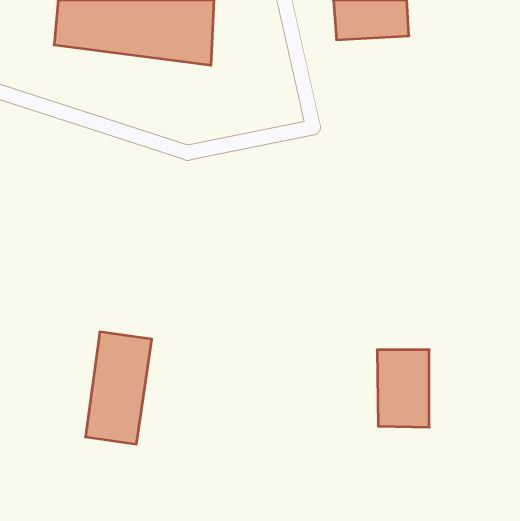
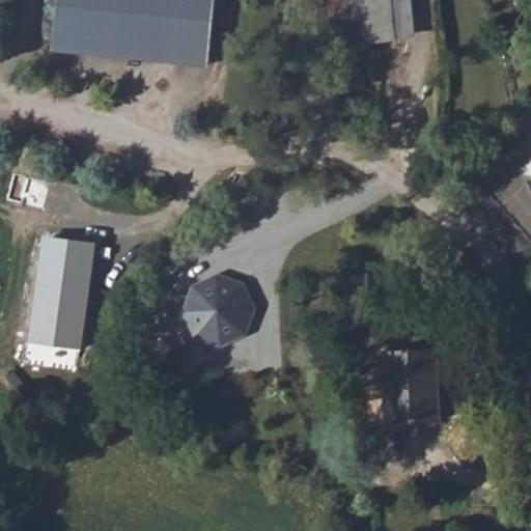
building: none -> [187,284,252,348]
building: [85,332,152,444] -> [25,233,92,347]

